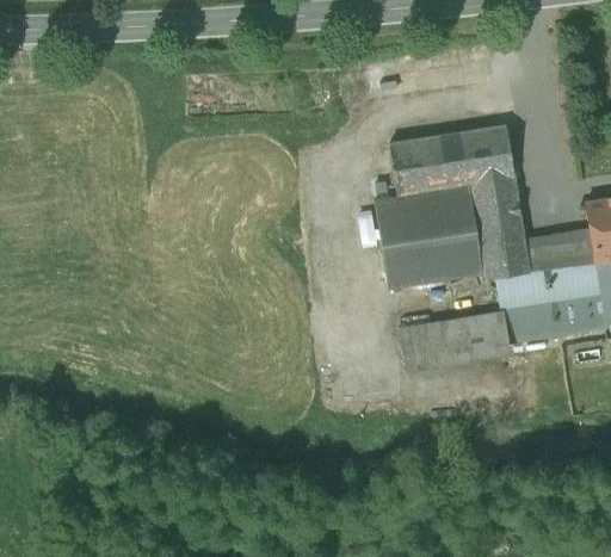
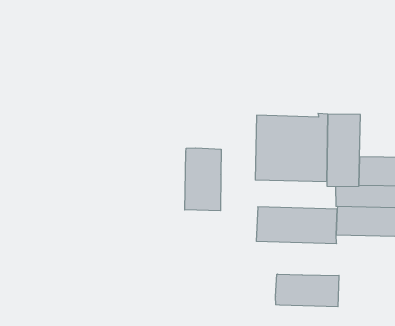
building: [389,126,514,194] -> none
building: none -> [185,148,221,211]
building: none -> [276,274,339,307]

